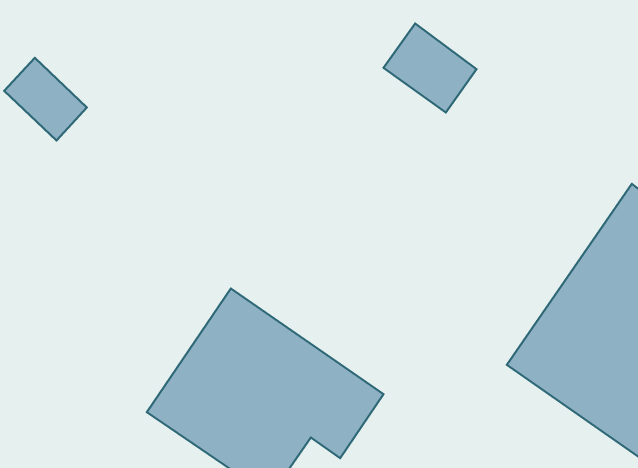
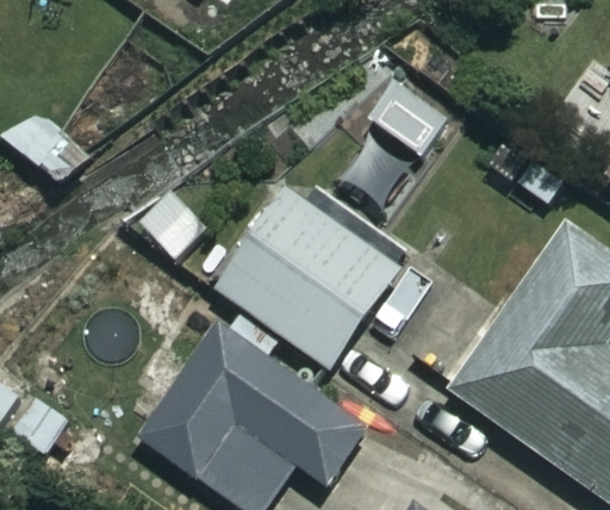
building: none -> [212,187,402,369]

